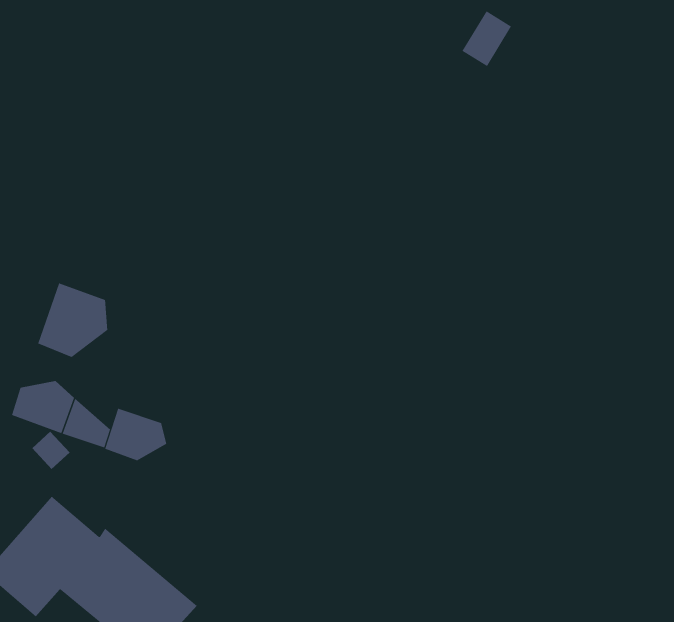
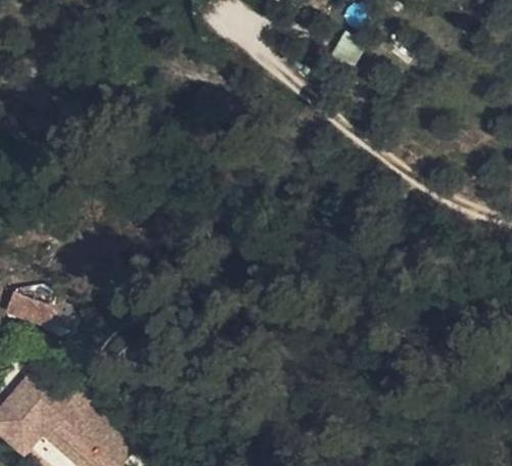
building: [37,283,108,358] -> none
building: [105,408,167,461] -> none

